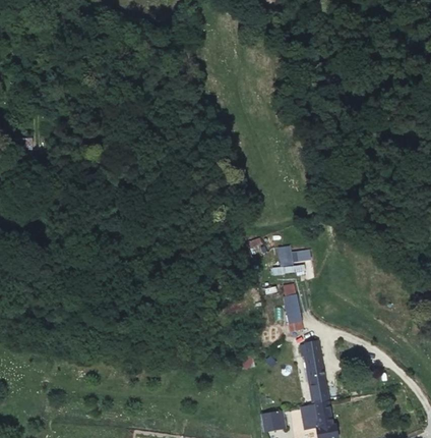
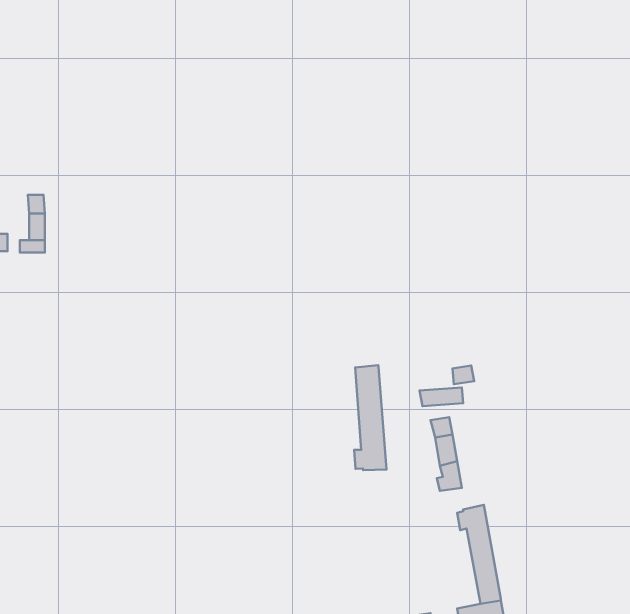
building: none -> [354,365,386,470]

